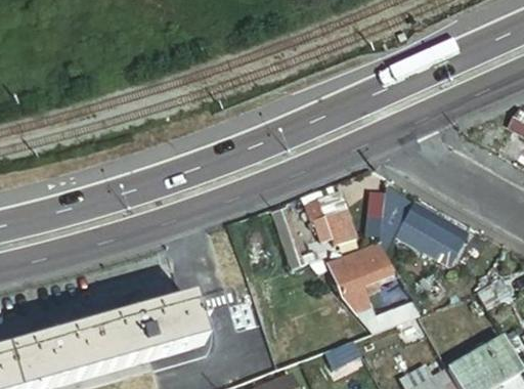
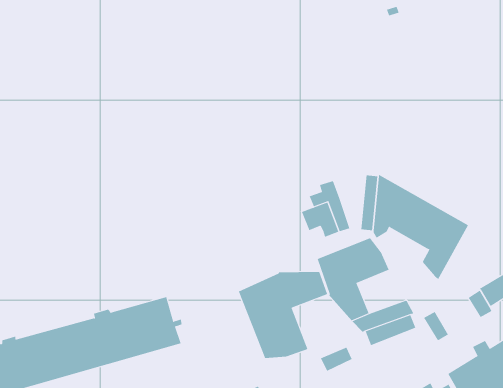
building: none -> [238,271,328,359]

